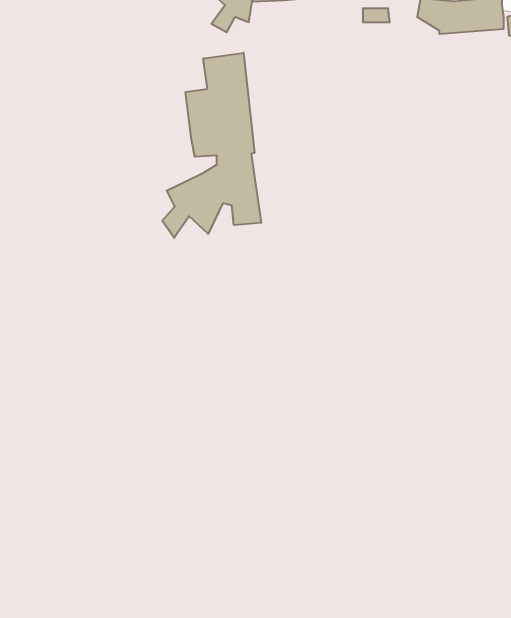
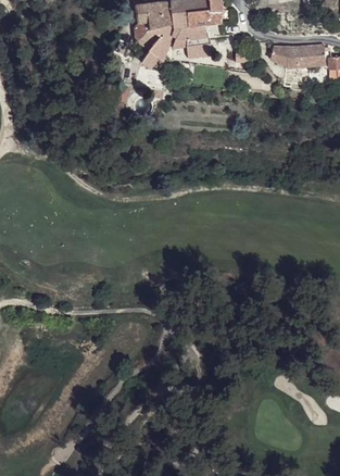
building: [162,53,261,238] -> none

